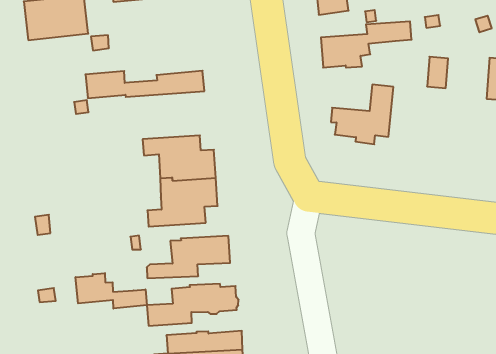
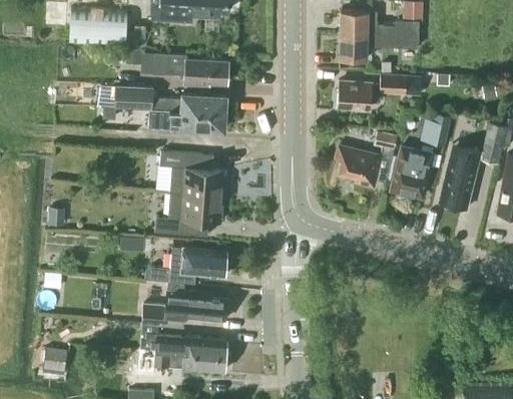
building: none -> [152,54,228,84]
building: none -> [440,144,480,209]
building: none -> [149,110,223,130]
building: none -> [391,149,431,198]
building: [76,273,147,309] -> none

